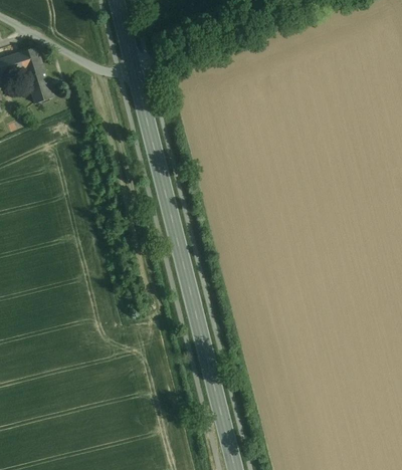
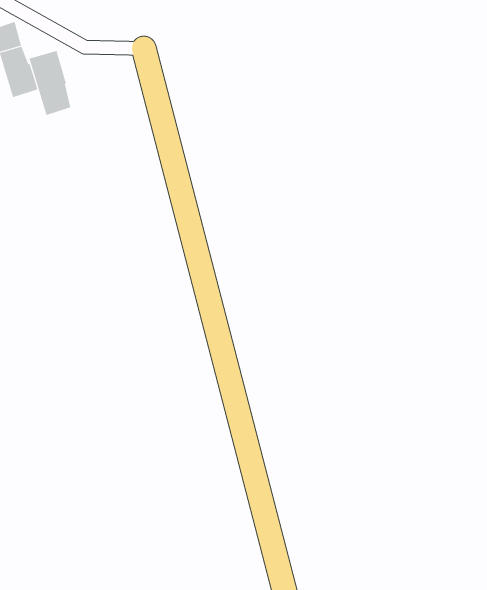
building: none -> [29,50,71,116]

